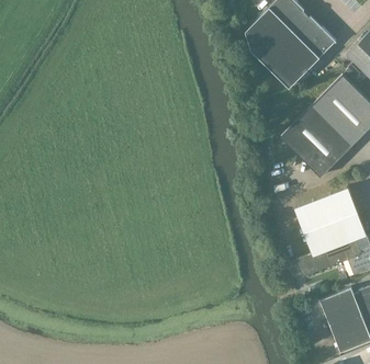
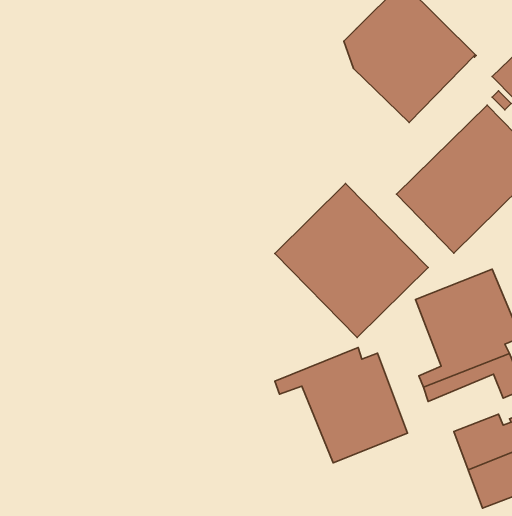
building: none -> [275,184,428,338]
building: none -> [275,347,408,463]

